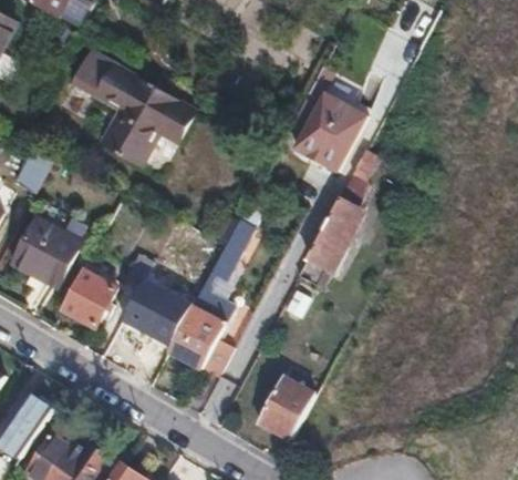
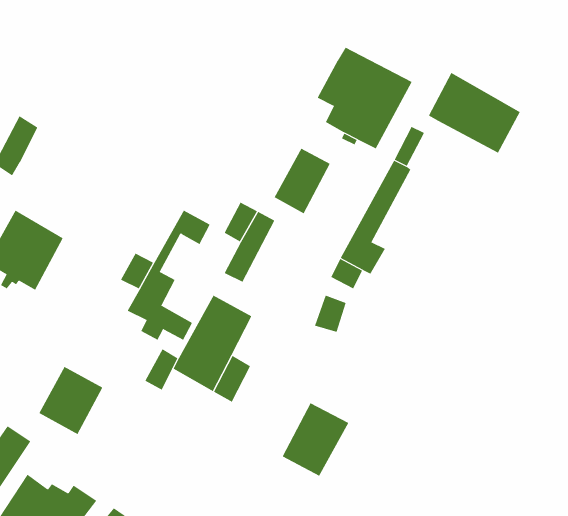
building: [72,52,195,166] -> none
building: none -> [428,72,520,154]
building: none -> [274,148,331,214]
building: [61,269,114,326] -> [39,366,103,435]

